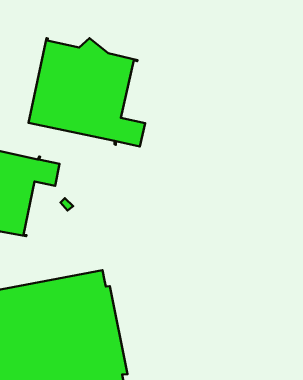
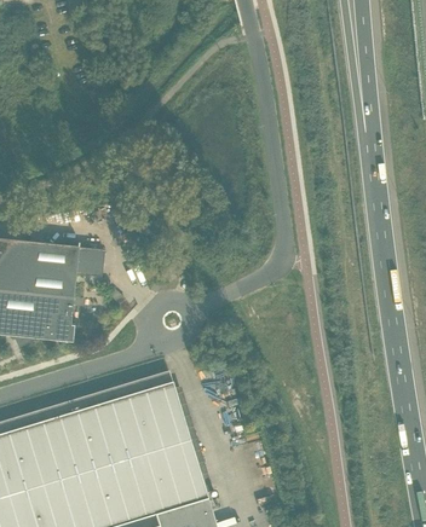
building: [28,38,145,147] -> none

